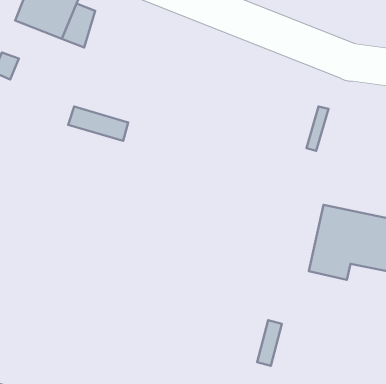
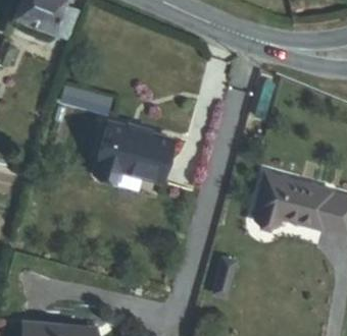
building: none -> [91,125,170,182]

